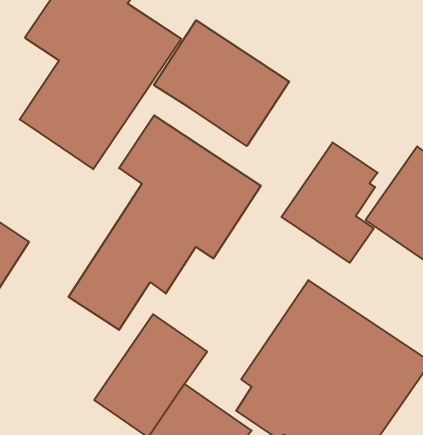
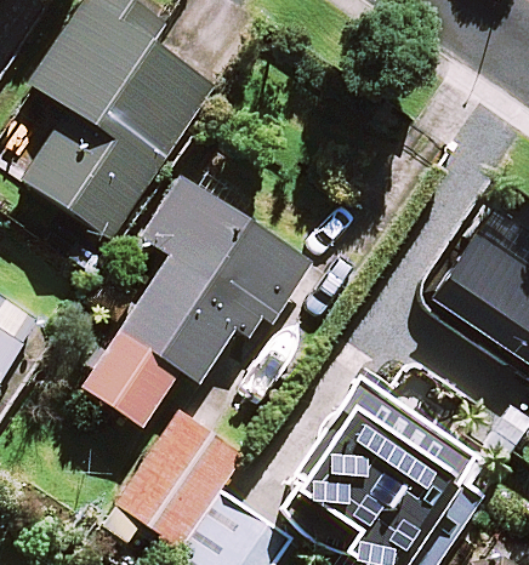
building: [154,20,289,146] -> none
building: [281,142,378,263] -> none

